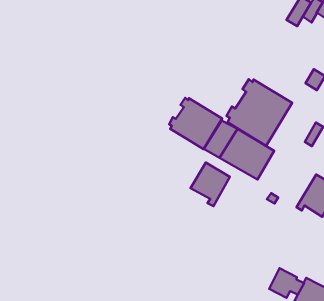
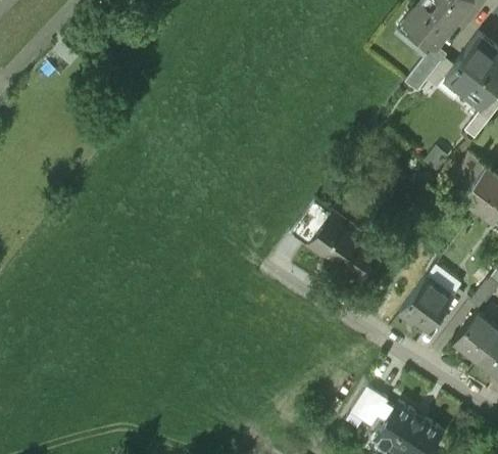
building: [226,79,292,146] -> none
building: [169,98,222,149] -> none
building: [191,163,230,206] -> none

